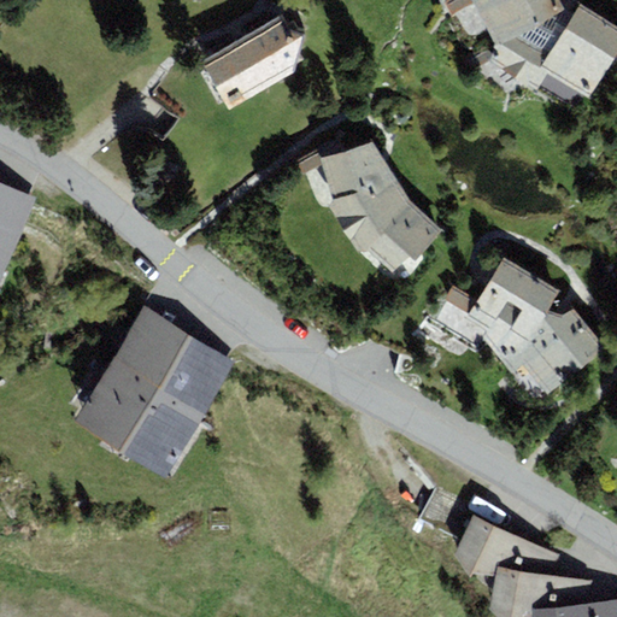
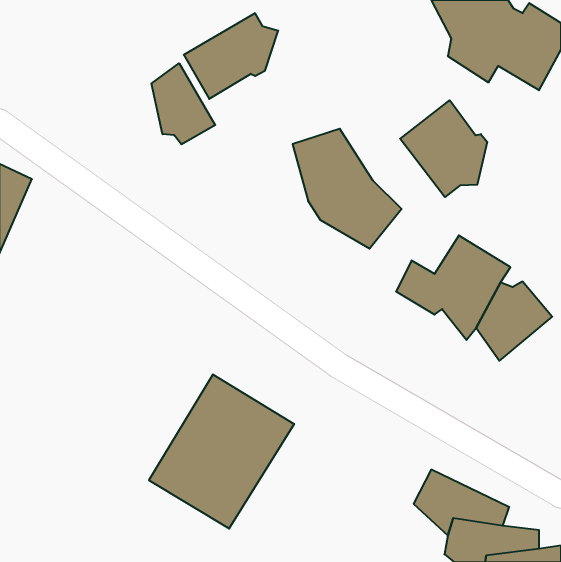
building: none -> [152,63,215,144]
building: none -> [400,100,487,197]
building: [74,306,233,475] -> [149,375,294,529]

